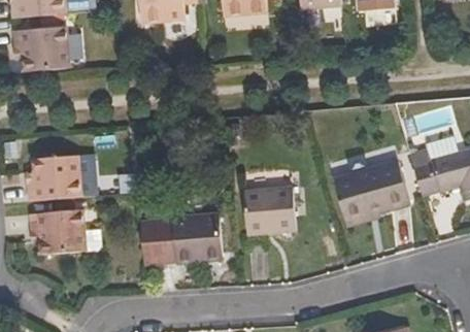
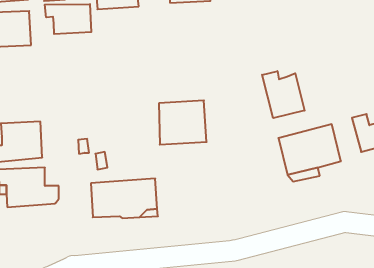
building: none -> [45,4,91,34]
building: none -> [262,71,305,118]
building: [246,180,300,230] -> [159,100,207,145]

